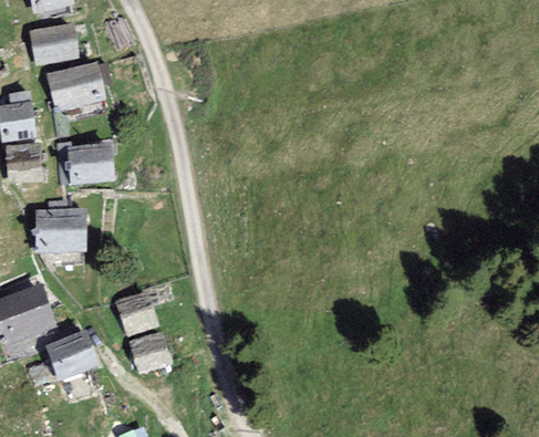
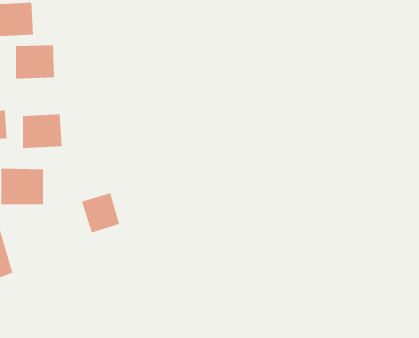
building: [115,289,158,334] -> [81,193,120,233]
building: [49,331,100,378] -> none
building: [131,332,172,373] -> none

